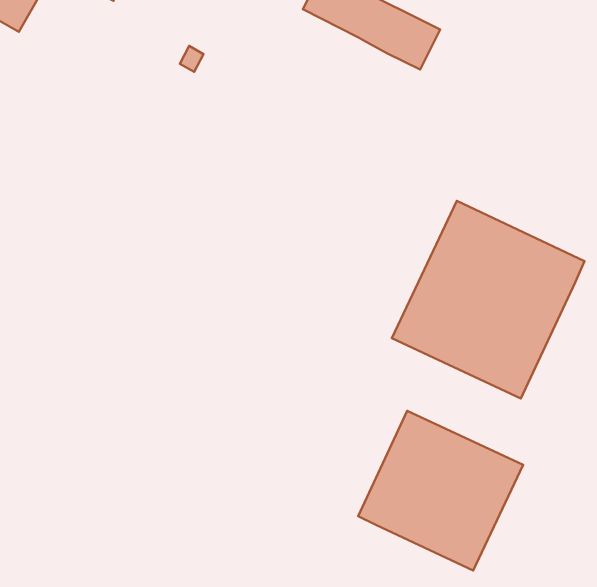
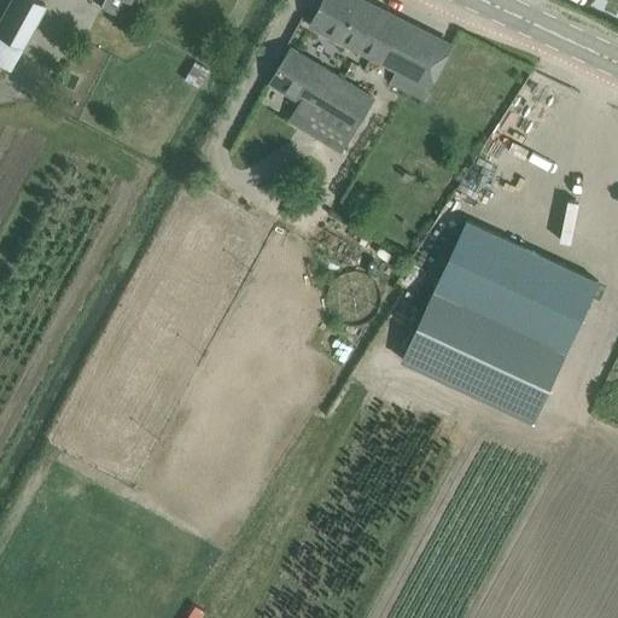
building: none -> [270,52,373,153]
building: [358,411,523,571] -> none

